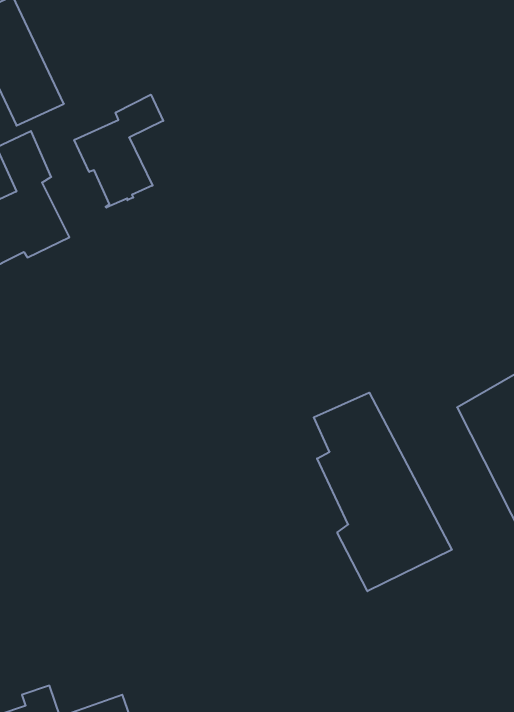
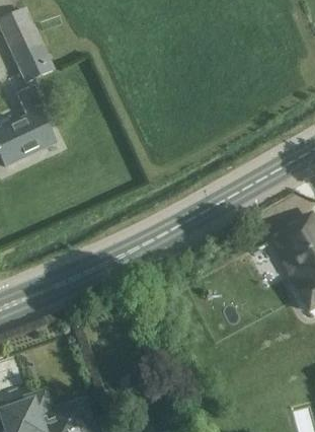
building: [74,95,163,208] -> none
building: [314,393,452,591] -> none

